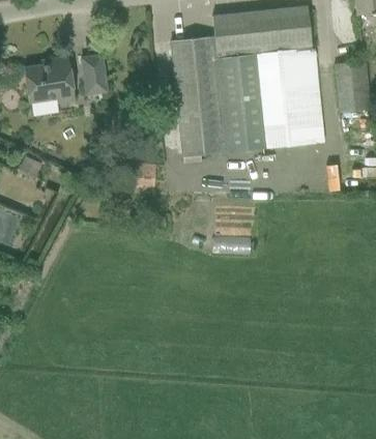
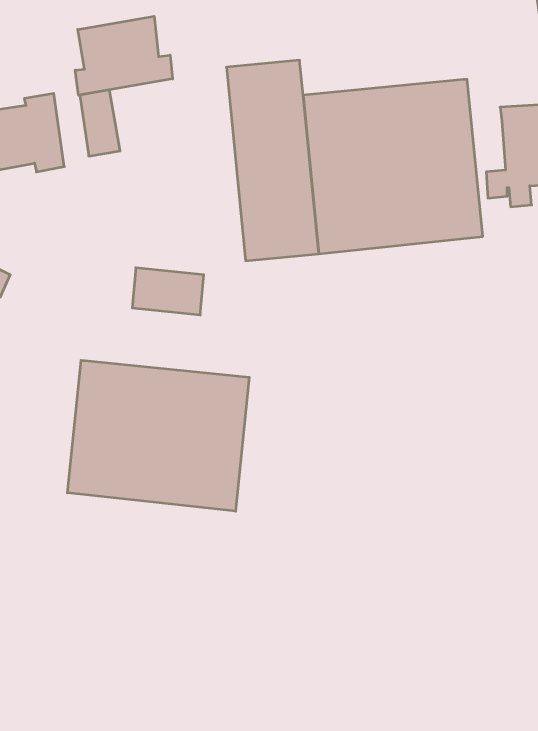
building: [212,6,312,57] -> none
building: none -> [75,16,173,95]
building: none -> [67,360,249,511]

